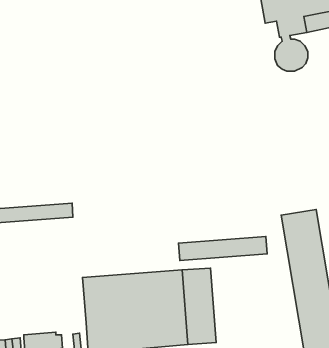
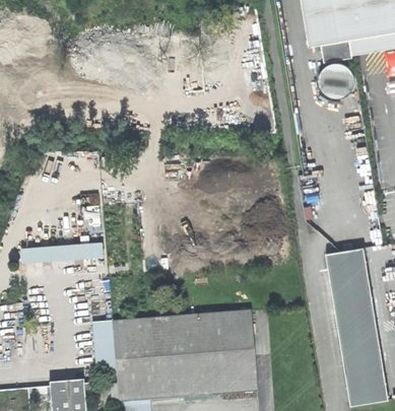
building: [178,237,267,261] -> none
building: none -> [94,321,116,370]

